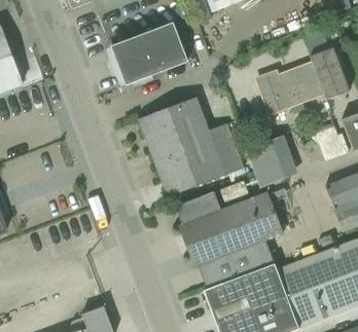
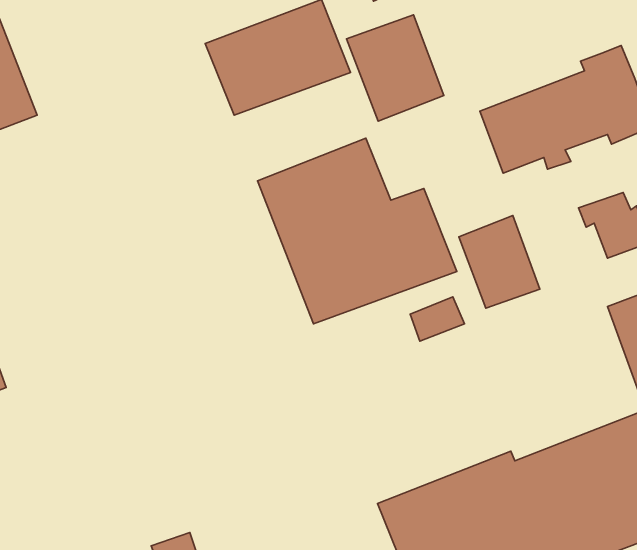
building: none -> [347,15,444,121]
building: [175,191,283,289] -> none

